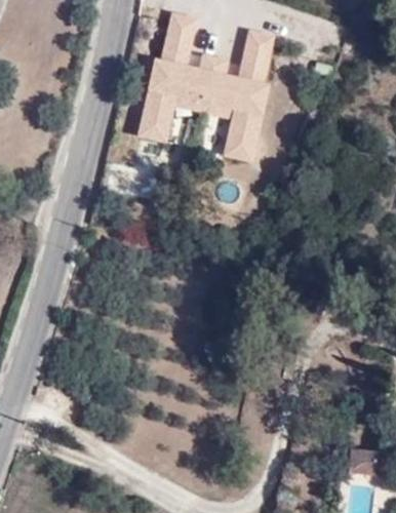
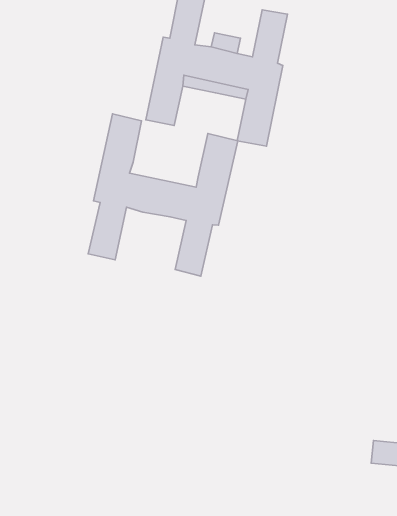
building: none -> [88,114,238,276]

